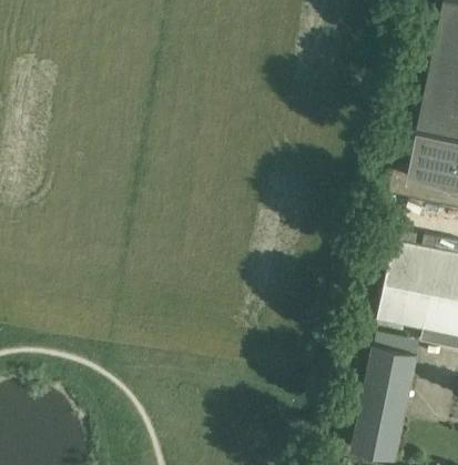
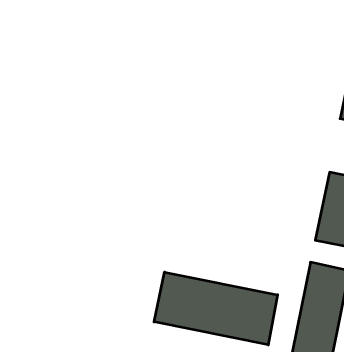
building: none -> [154,272,278,345]

